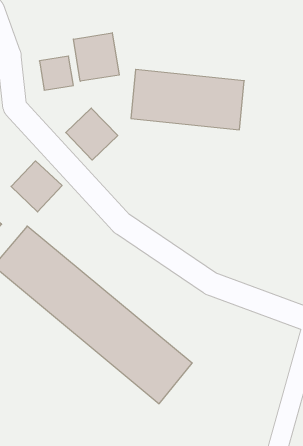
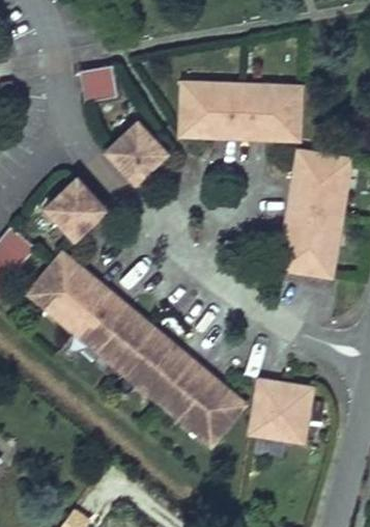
building: [73,33,119,81] -> none
building: none -> [284,157,351,279]
building: none -> [253,380,314,441]

